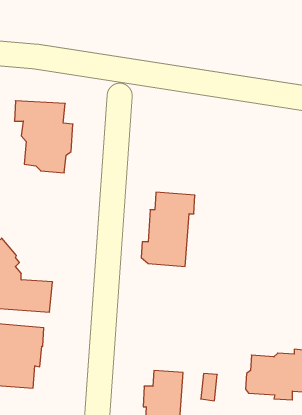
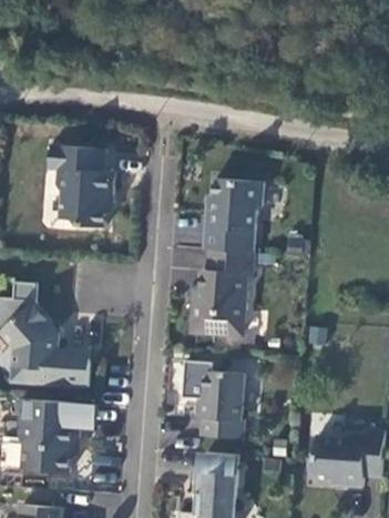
building: none -> [203,177,263,253]
building: none -> [196,370,244,438]

